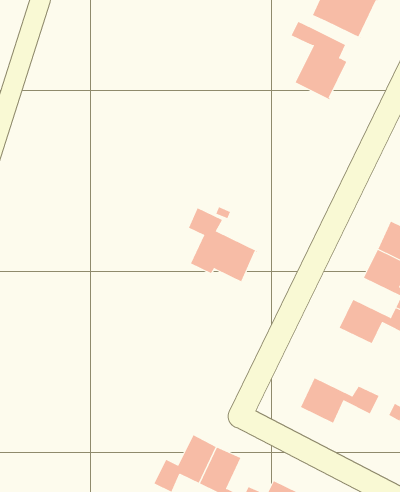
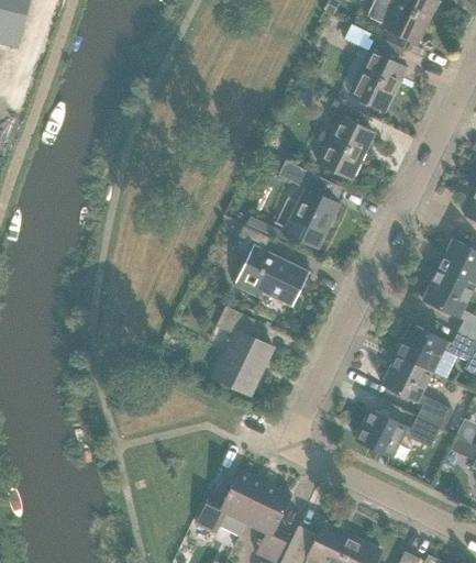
building: none -> [316,101,375,178]
building: none -> [278,162,342,246]
building: none -> [212,307,273,395]
building: none -> [381,355,449,429]

